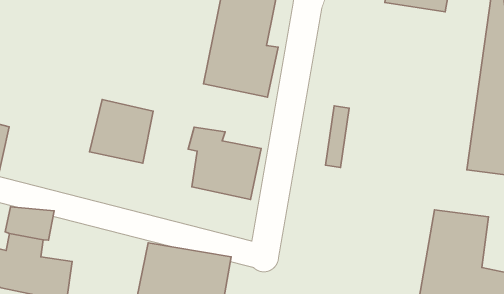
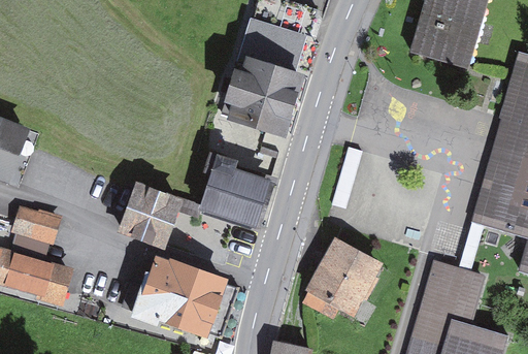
building: [90,99,153,163] -> [117,182,184,249]
building: none -> [302,237,384,319]

